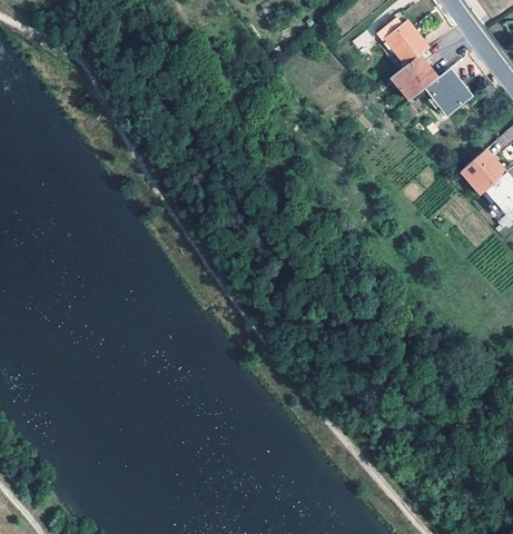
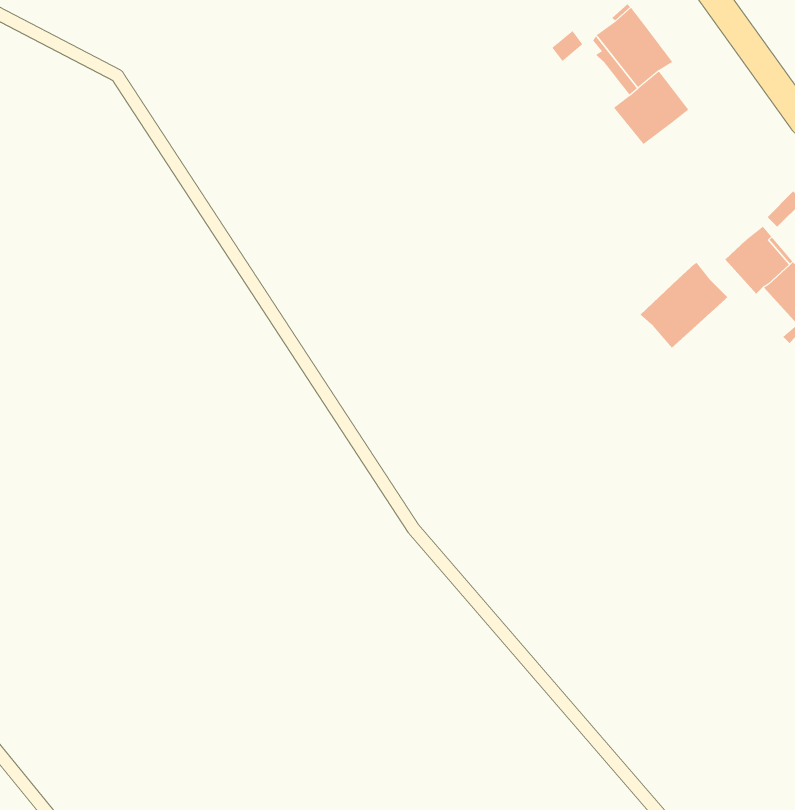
building: [428,69,472,113] -> none
building: none -> [639,262,729,348]

